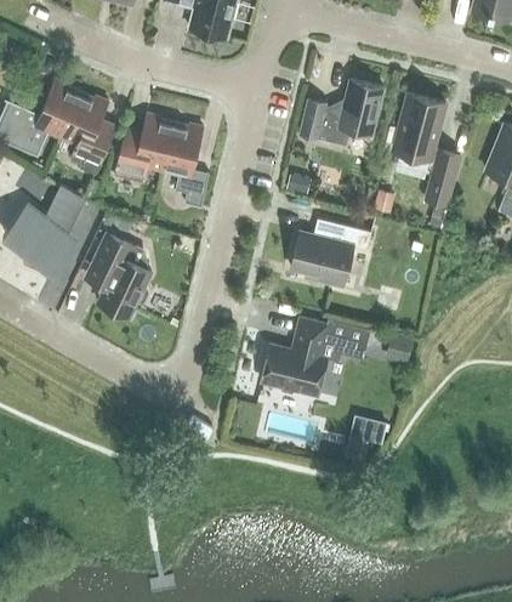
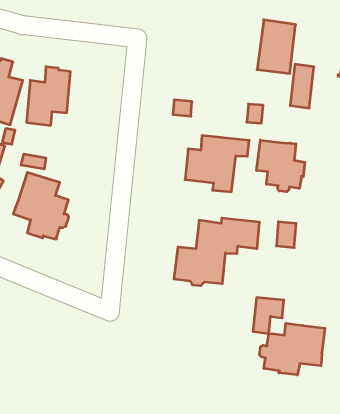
building: [301,80,383,146] -> none
building: [164,123,210,206] -> none
building: none -> [257,140,305,192]
building: none -> [260,323,325,375]

